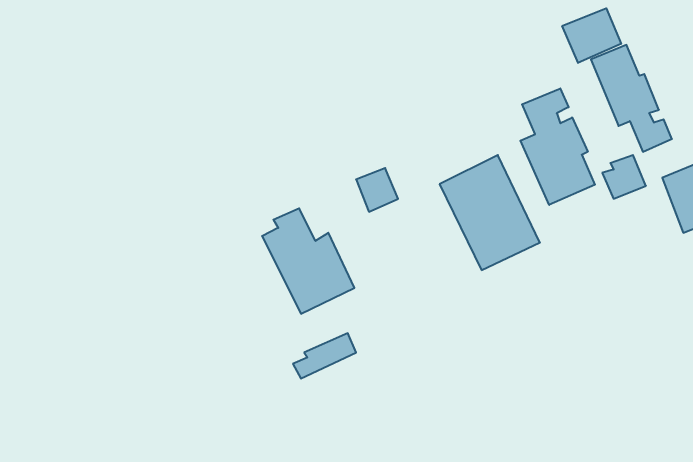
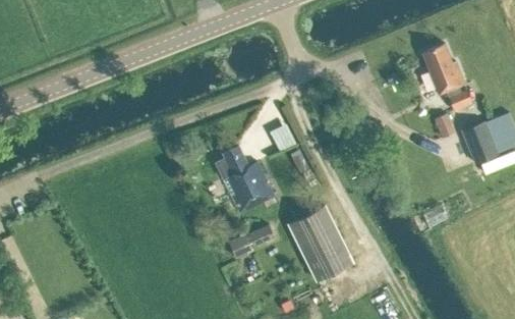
building: [562,8,621,63] -> none
building: [520,88,595,205] -> none
building: [440,155,540,270] -> [289,207,352,279]

